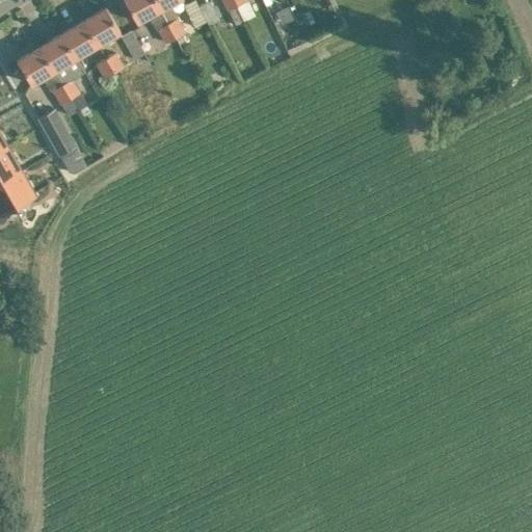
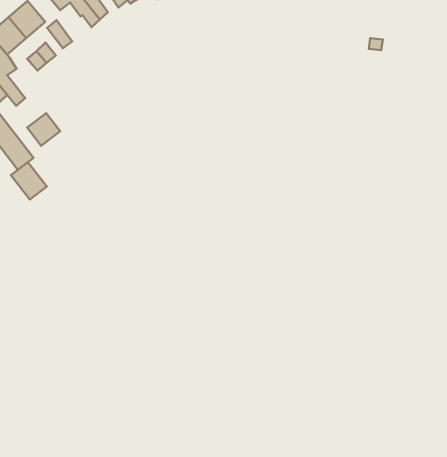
building: none -> [27,113,60,146]
building: none -> [11,162,47,199]

